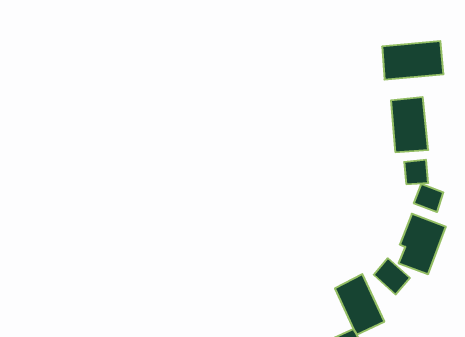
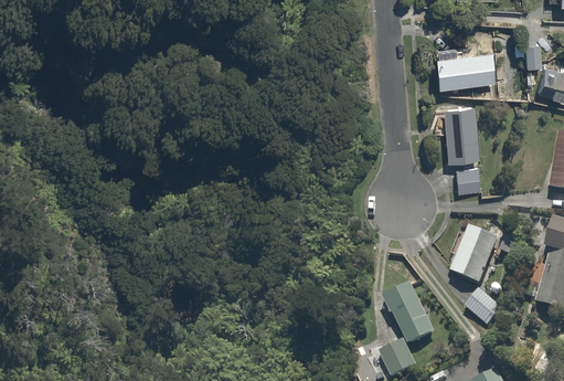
building: [414,184,443,212] -> none
building: [374,258,410,294] -> [464,288,500,325]

